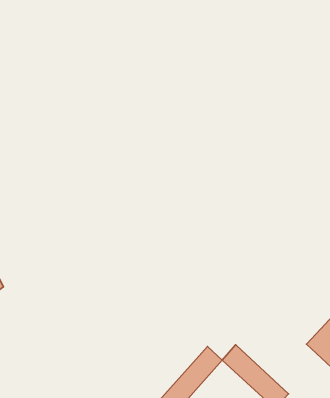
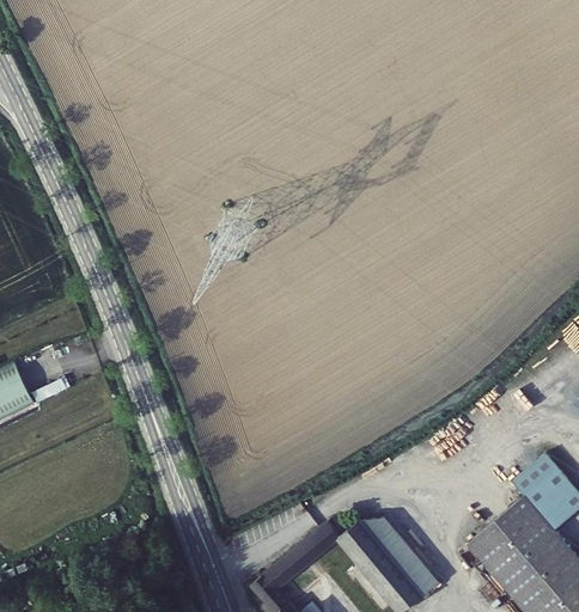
building: none -> [370,516,446,596]

